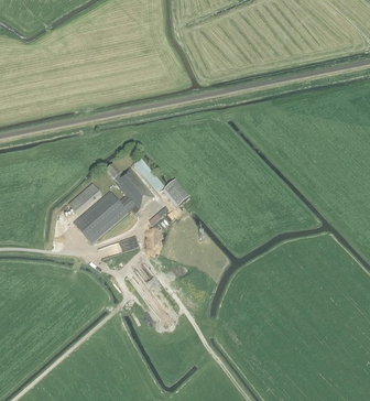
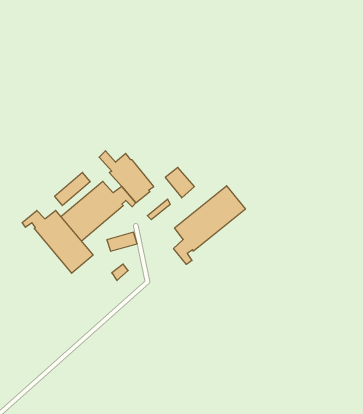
building: none -> [174,186,245,264]
building: none -> [22,210,93,273]

